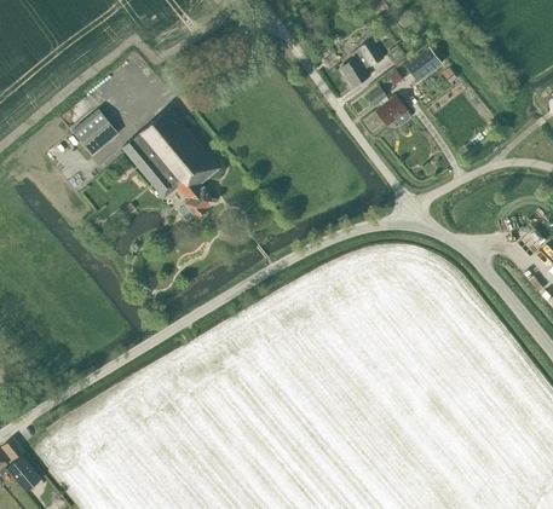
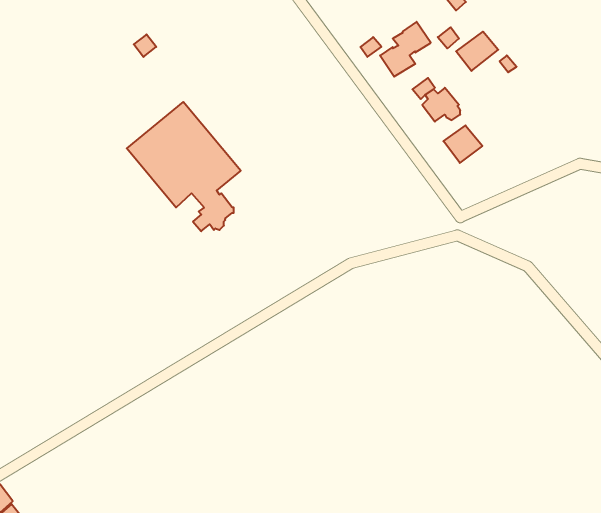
building: [70,109,119,156] -> none
building: none -> [443,125,482,163]

